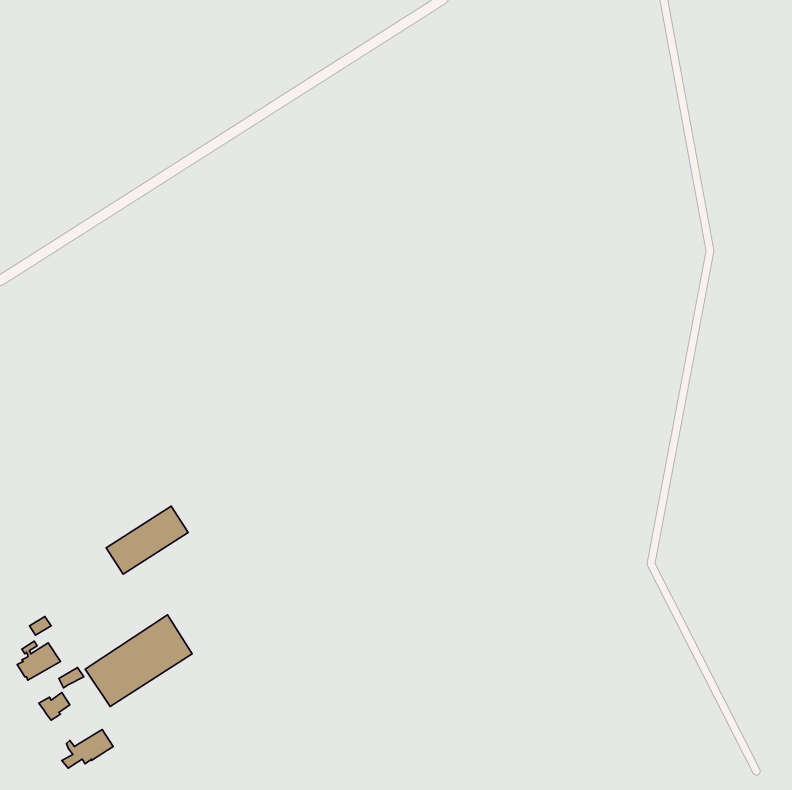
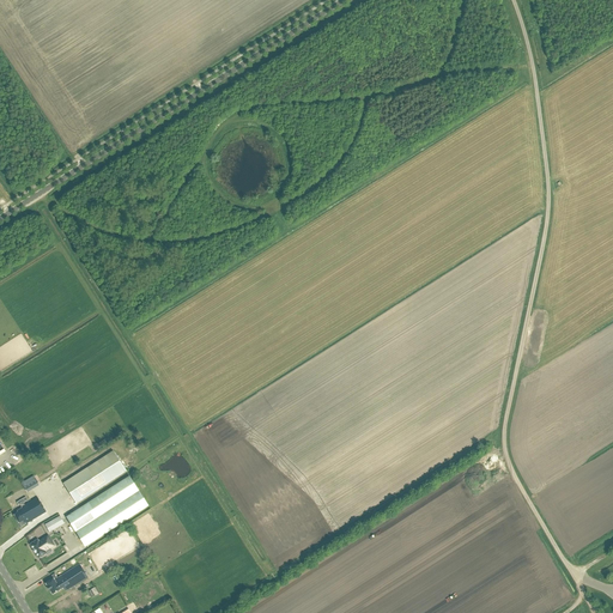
building: [106,506,188,574] -> [63,450,127,503]

